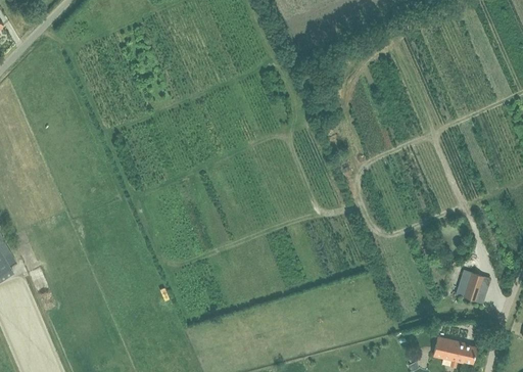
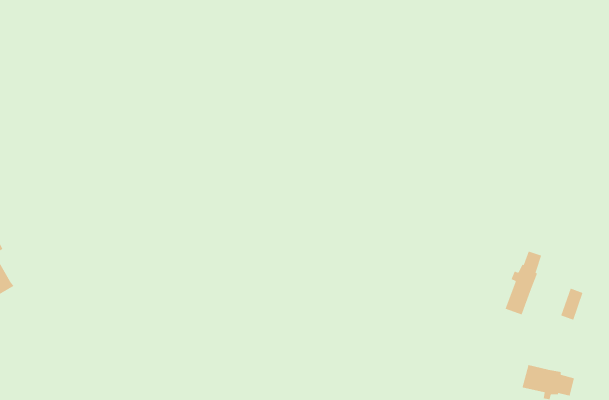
building: none -> [505,250,542,315]

